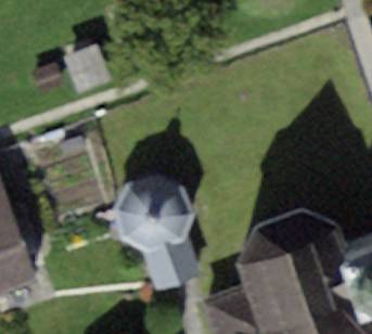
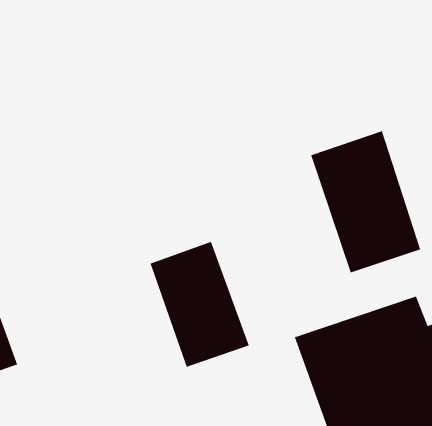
building: none -> [310,130,421,274]

